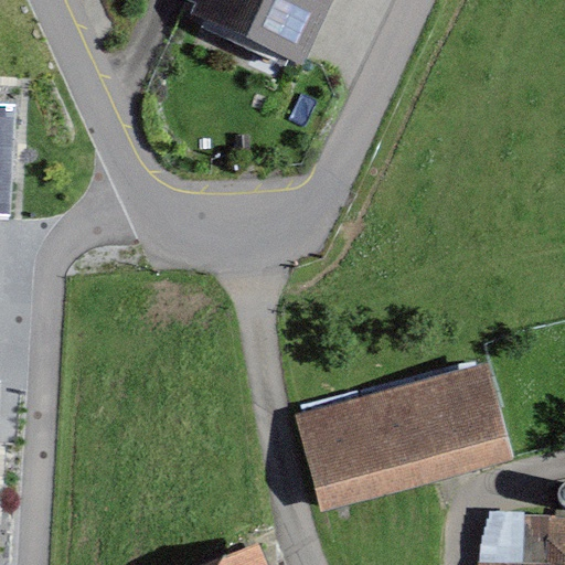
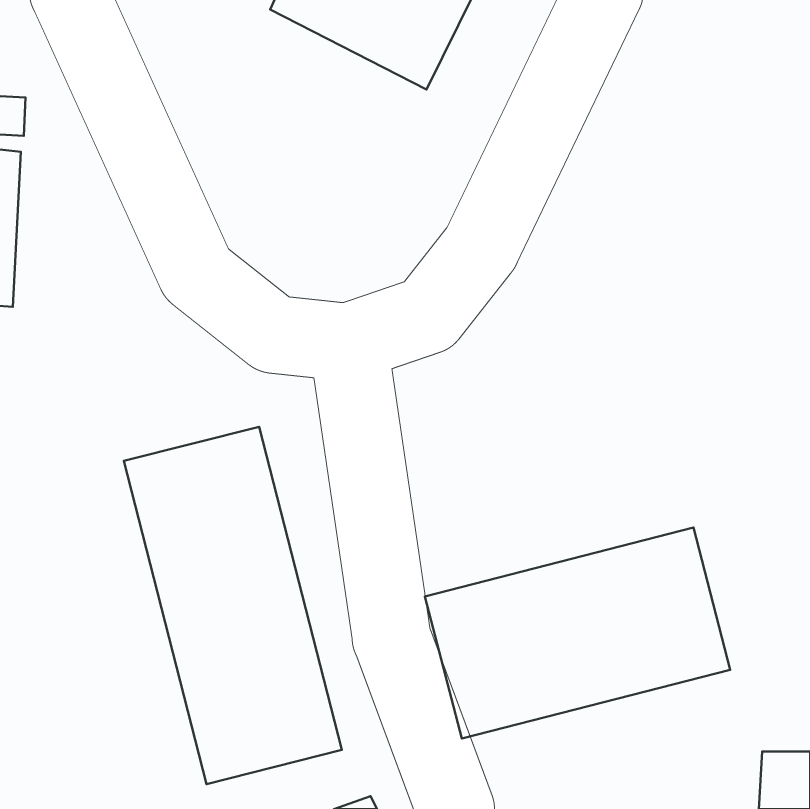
building: none -> [124,427,342,784]

